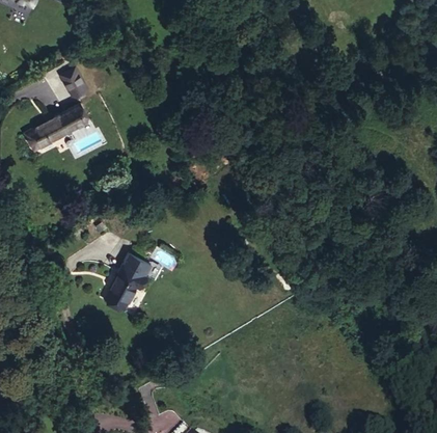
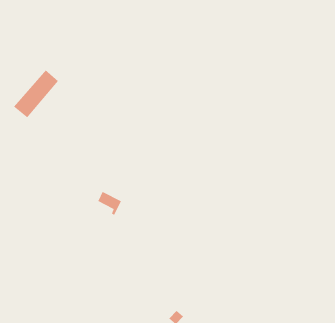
building: [108,260,144,302] -> none

